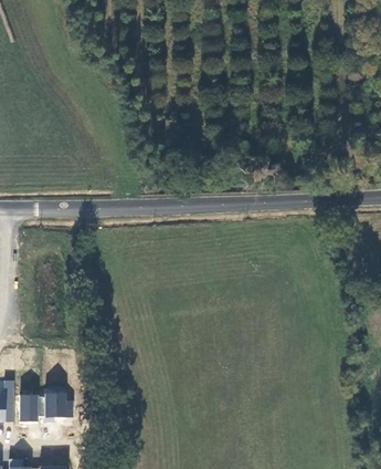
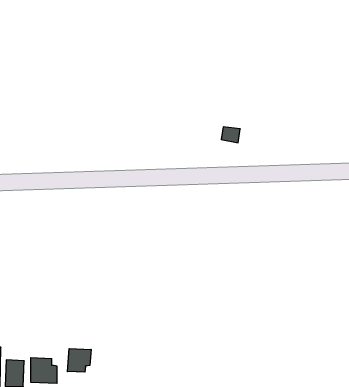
building: none -> [67,349,91,372]

